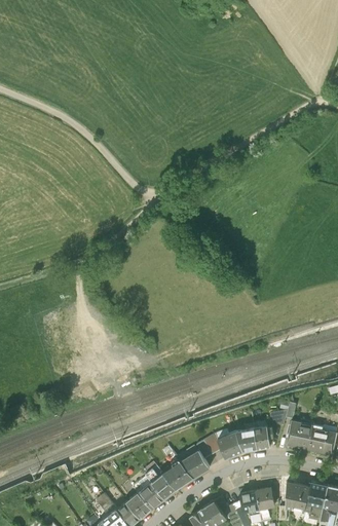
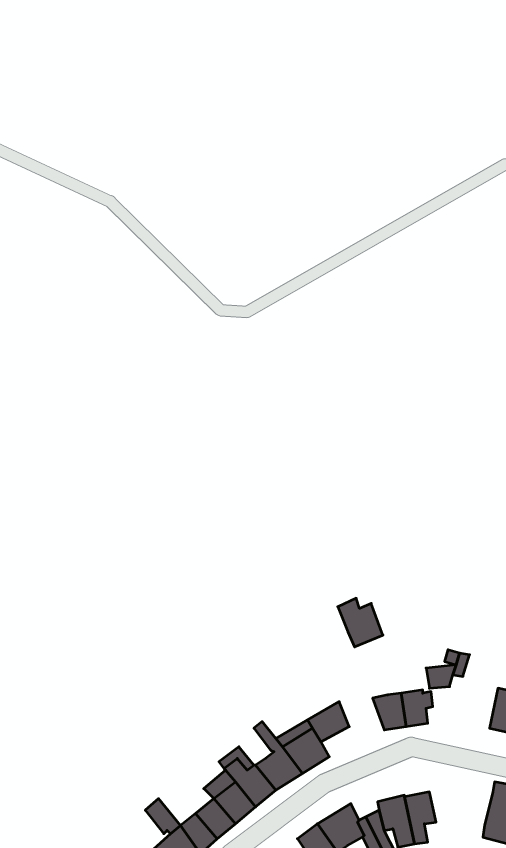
building: [286,420,313,450] -> none
building: [216,428,243,458] -> [338,598,383,647]
building: [286,484,310,510] -> none

